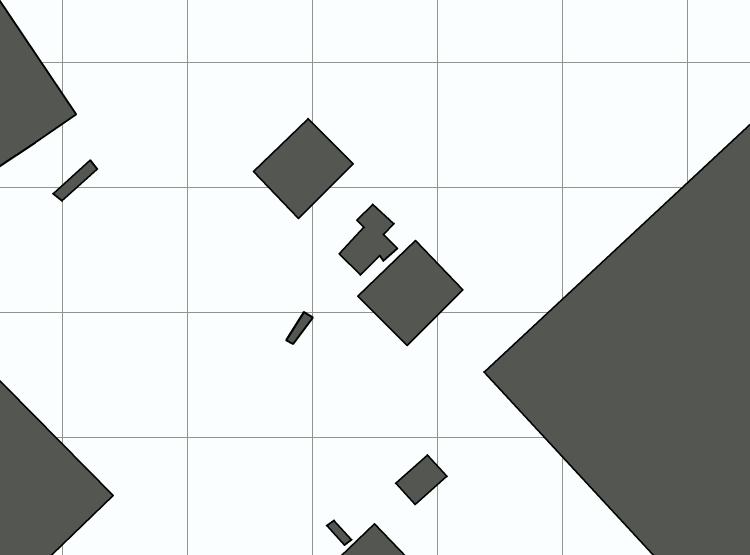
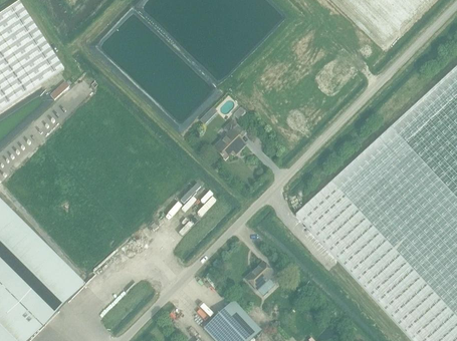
building: [254,119,353,218] -> none
building: [358,241,463,345] -> none

